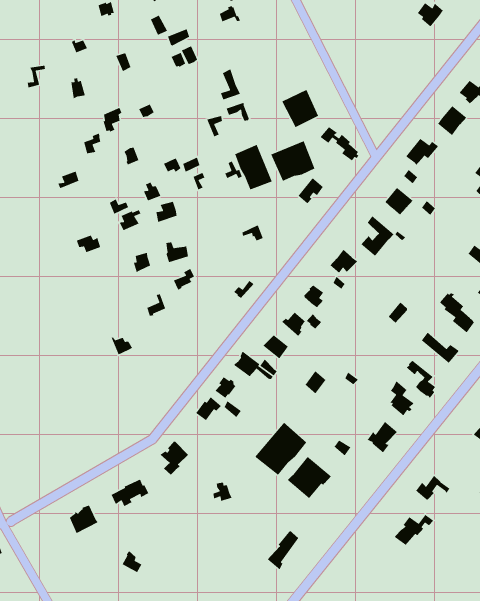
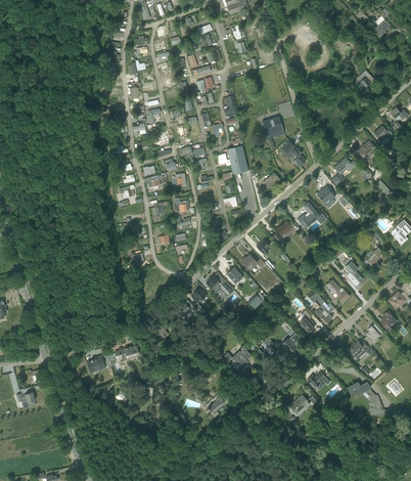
building: [270,140,315,182] -> none
building: [254,422,307,476] -> none

